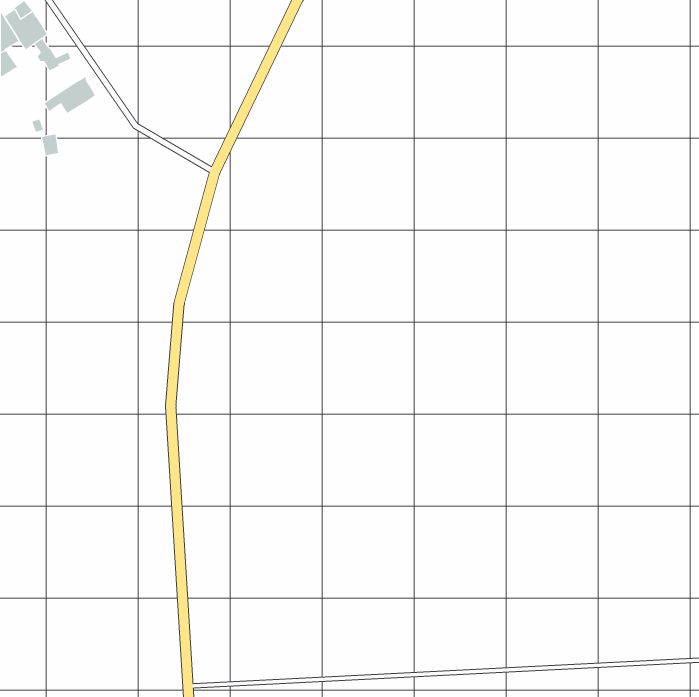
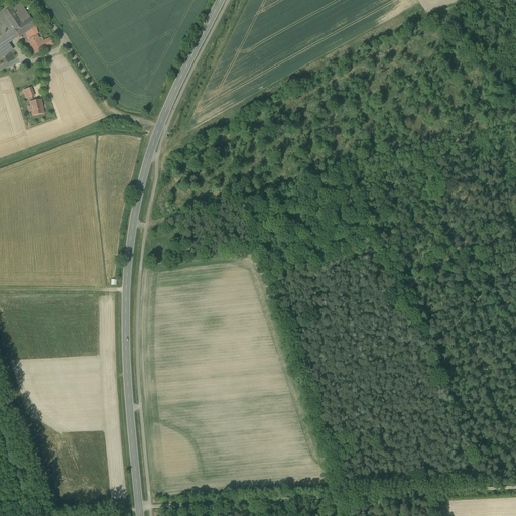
building: [44,76,96,114] -> none

